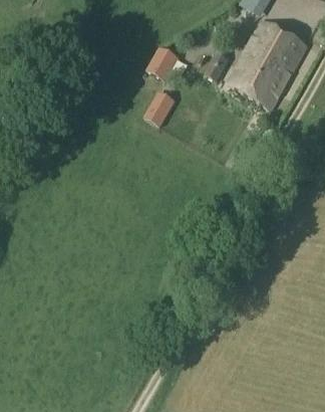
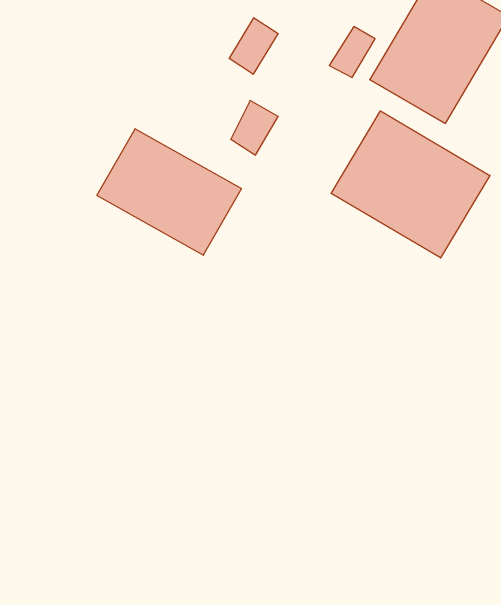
building: none -> [331,111,490,258]
building: none -> [97,129,241,255]

